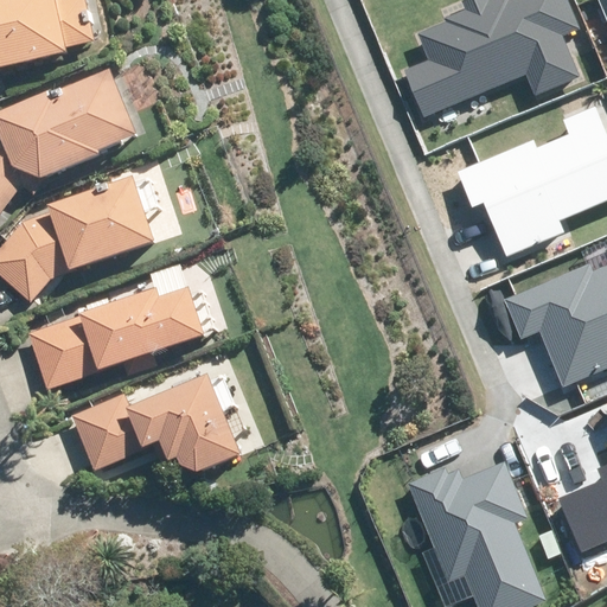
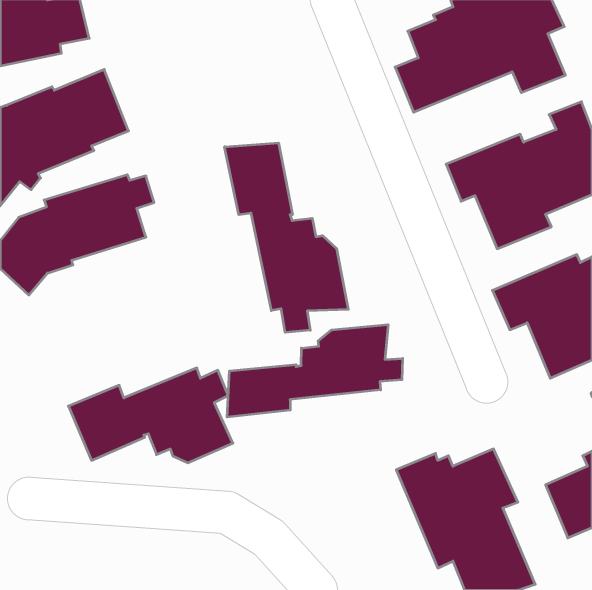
building: none -> [225,143,348,332]
building: [28,290,198,389] -> none
building: none -> [227,325,403,417]

